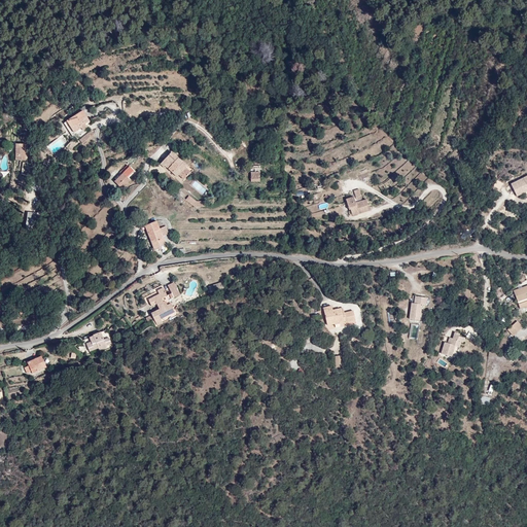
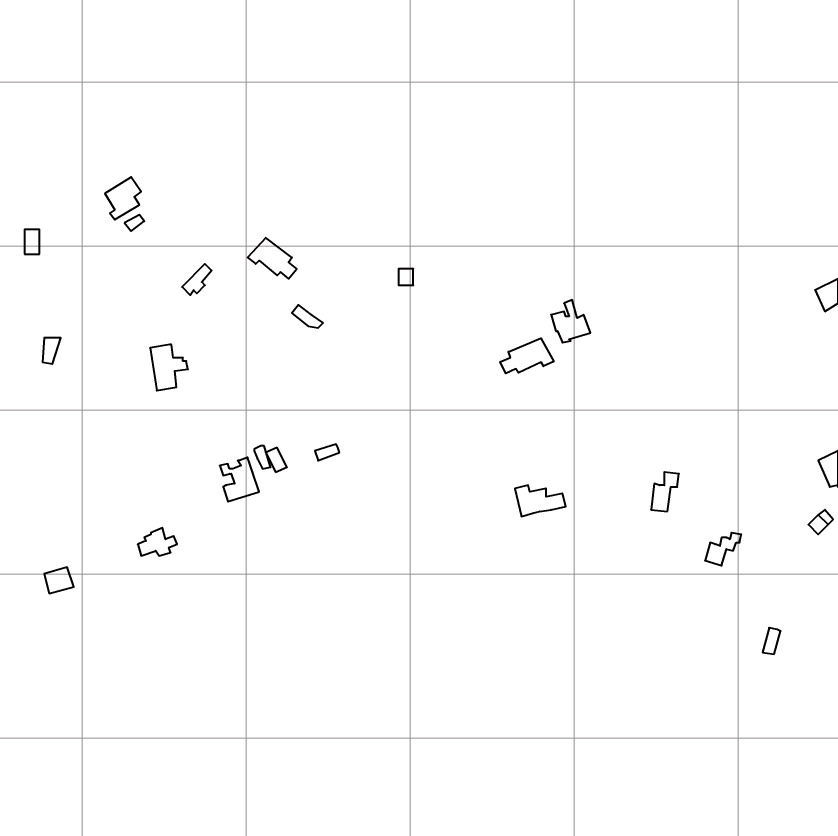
building: none -> [500,338,554,373]
building: [146,220,170,249] -> [150,345,188,391]

